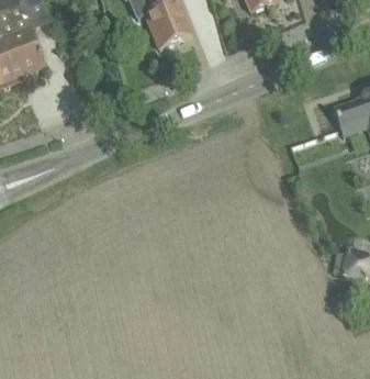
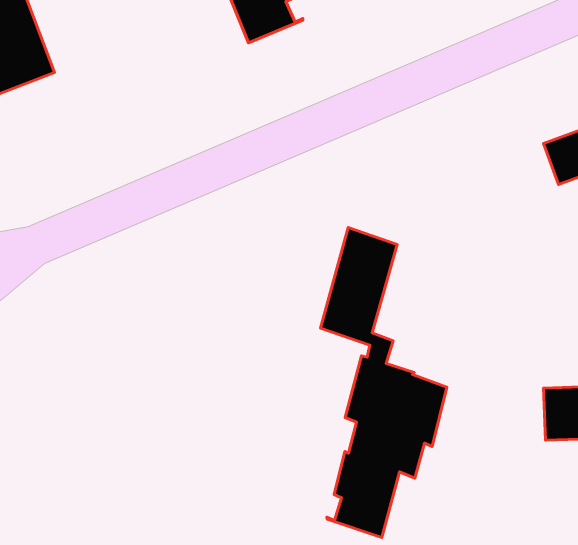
building: none -> [321,228,447,538]

